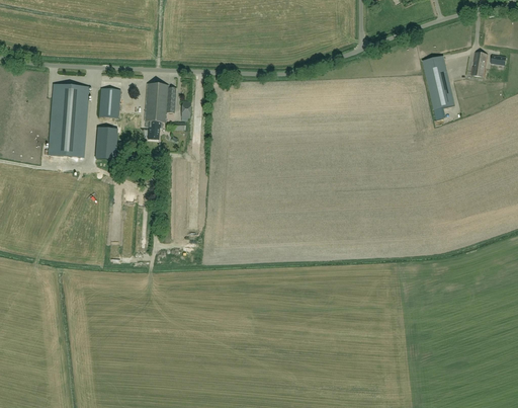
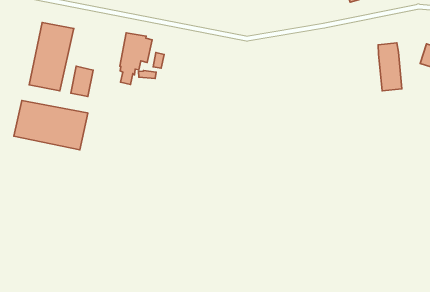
building: [98,88,119,117] -> none
building: none -> [14,101,88,150]

